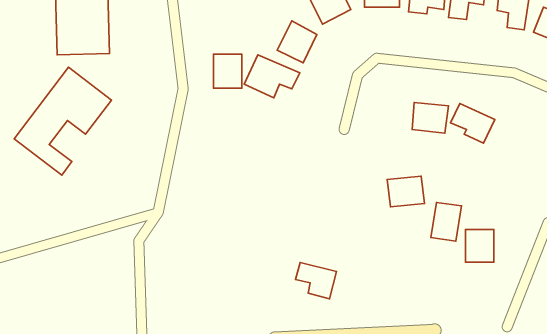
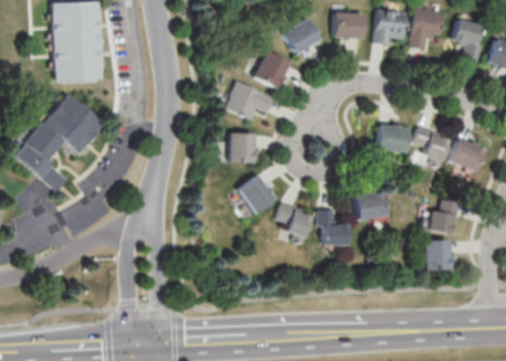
building: [213,54,242,88] -> [229,134,255,165]
building: none -> [449,140,484,172]
building: none -> [238,175,277,215]
building: none -> [317,211,349,246]
building: [431,202,461,241] -> [430,200,458,234]
building: [296,262,336,299] -> [275,206,312,239]

